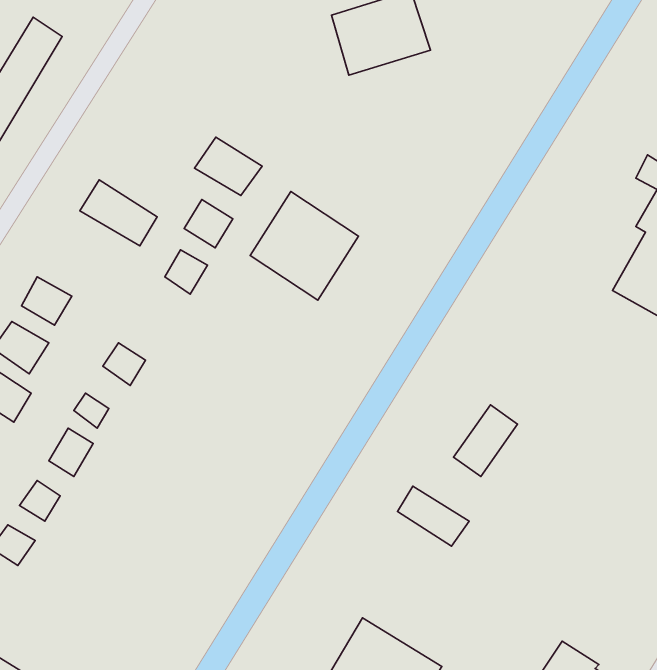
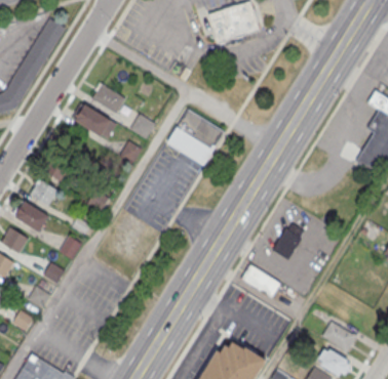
building: [194,137,262,195] -> [91,83,127,114]
building: none -> [320,320,357,351]

